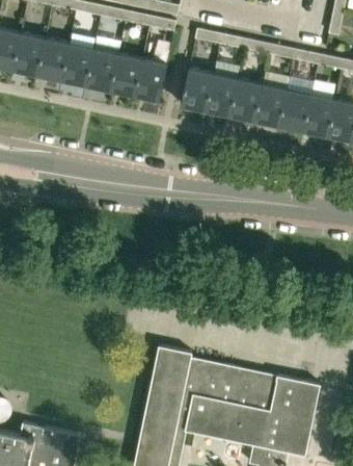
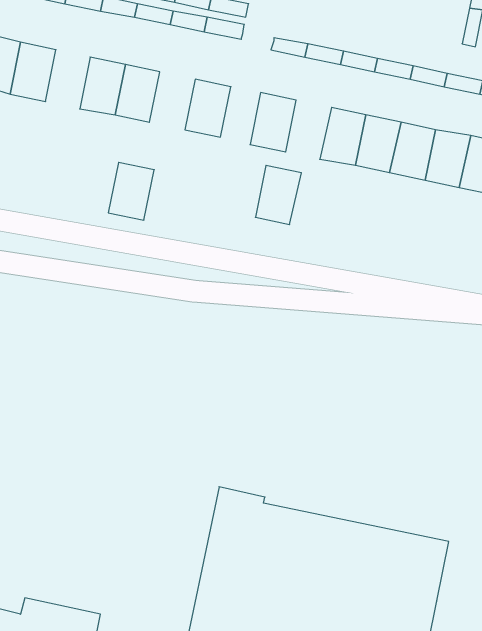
building: [37,38,69,80] -> none
building: [110,54,142,95] -> [108,162,154,220]
building: [206,74,238,115] -> [255,165,301,225]

